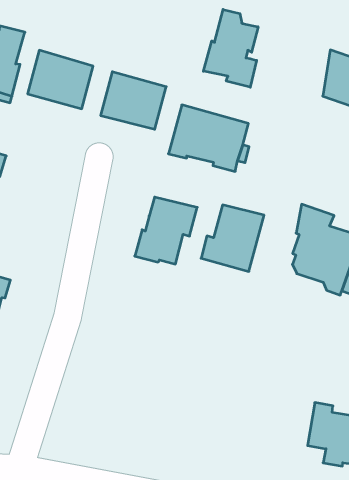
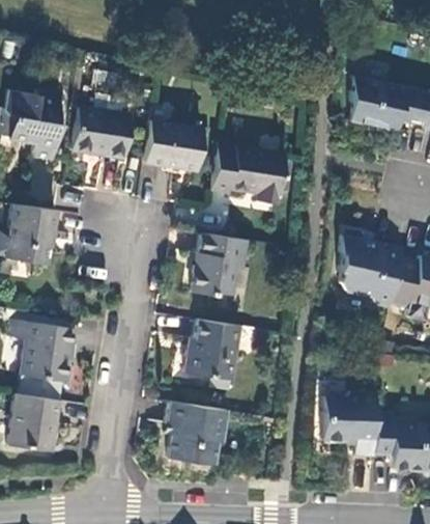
building: [203,9,258,87] -> none
building: [201,205,264,271] -> [184,320,239,380]
building: none -> [167,403,227,465]
building: none -> [323,392,377,457]

